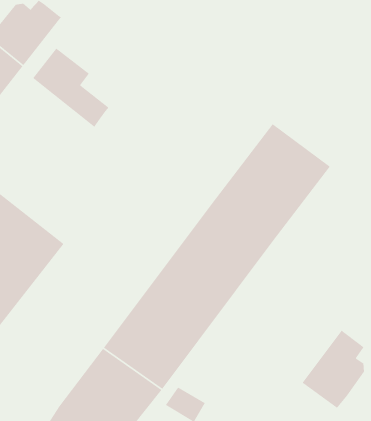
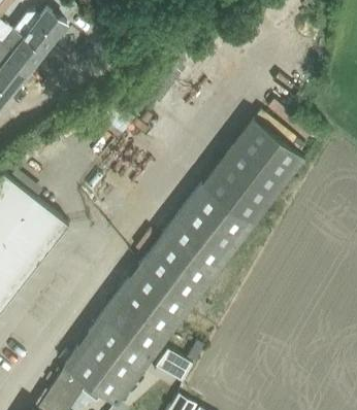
building: [32,48,109,128] -> none
building: [302,329,365,409] -> none

